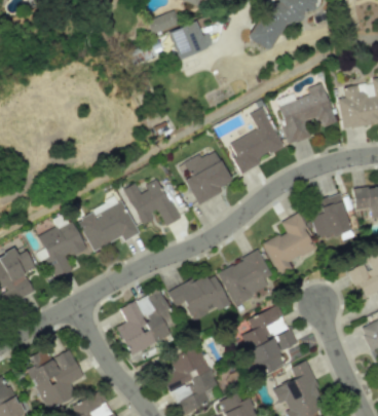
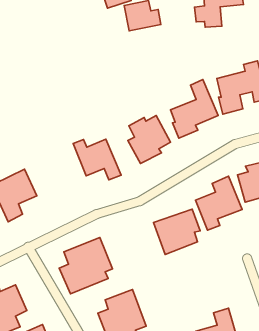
building: [78,197,140,251] -> none
building: [168,272,230,320] -> none
building: [236,306,296,376] -> none

